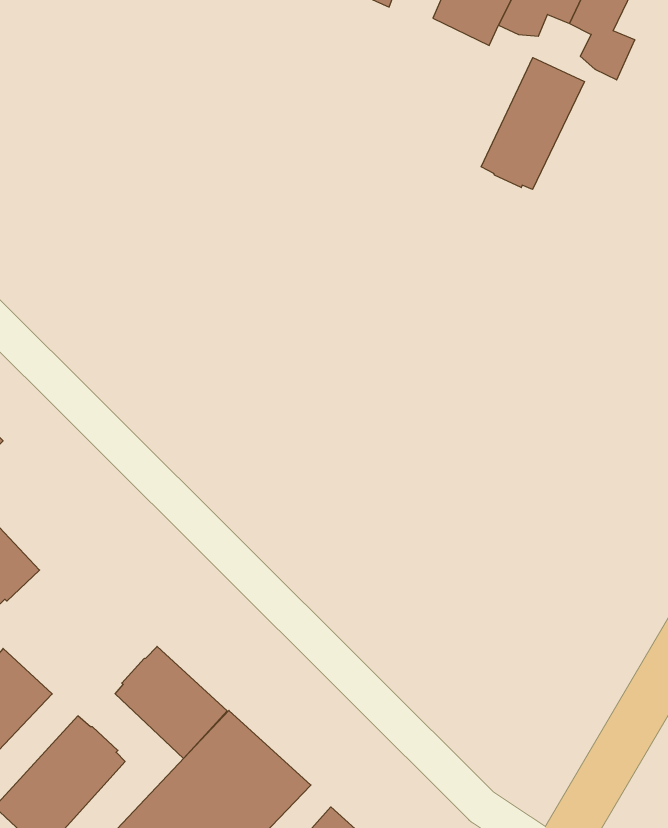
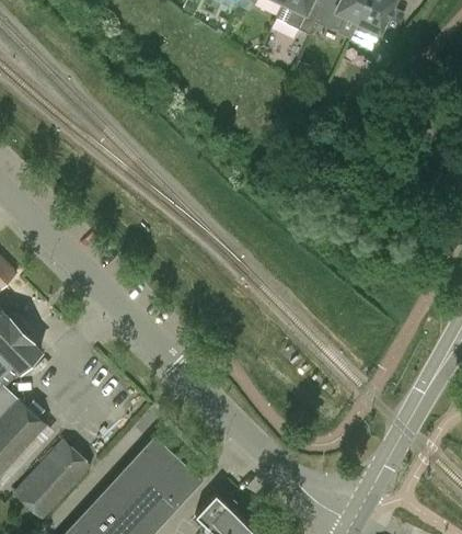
building: [481,58,584,189] -> none
building: [115,646,227,758] -> none

